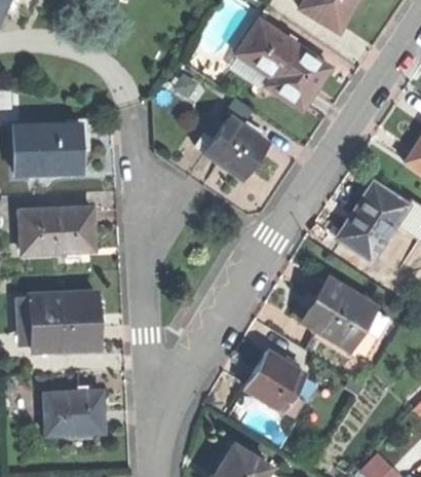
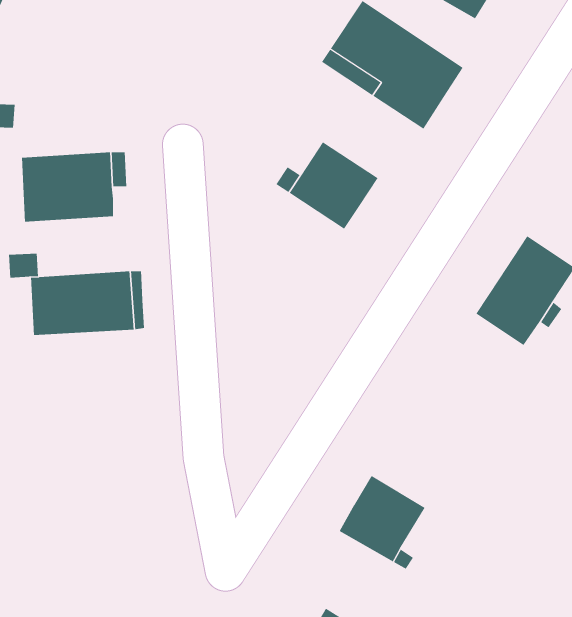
building: [300,279,370,346] -> none
building: [21,292,100,347] -> none
building: [48,391,107,433] -> none

